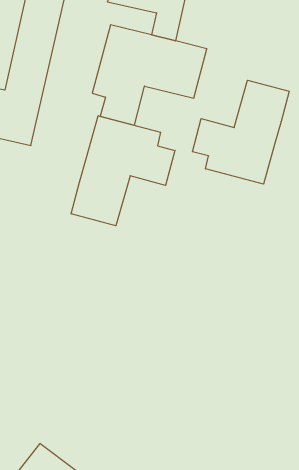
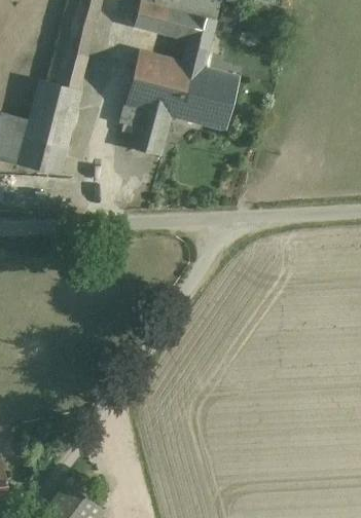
building: [192,80,289,184] -> none
building: [71,116,175,226] -> none

